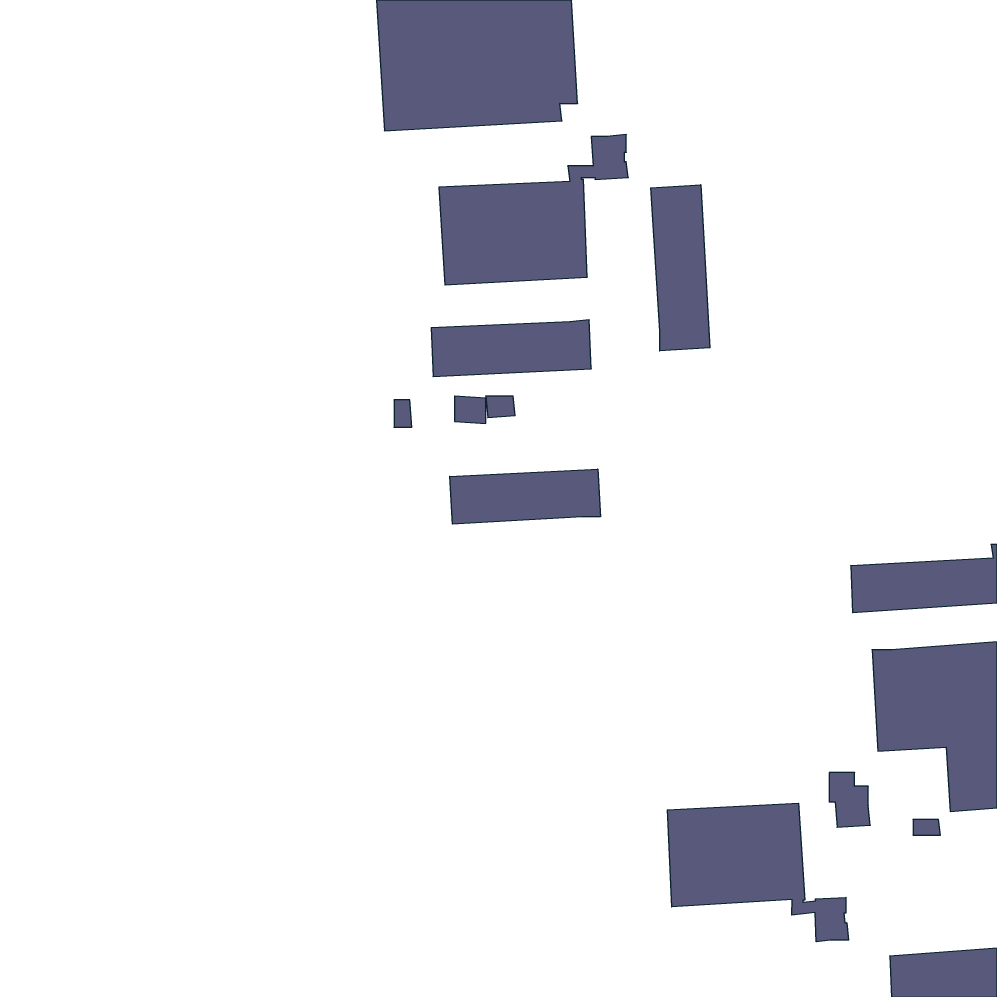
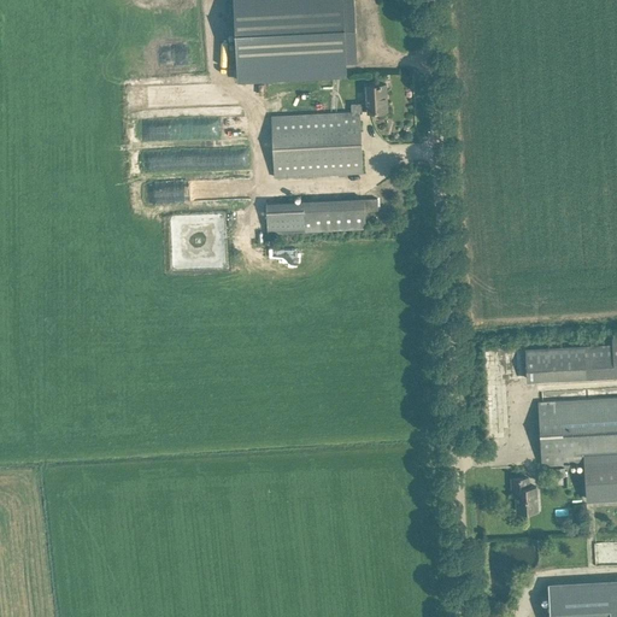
building: [651,185,710,351] -> none
building: [450,469,600,524] -> none
building: [667,803,849,942] -> none

